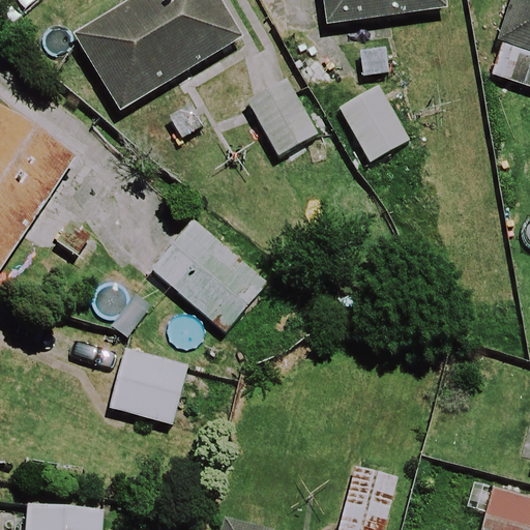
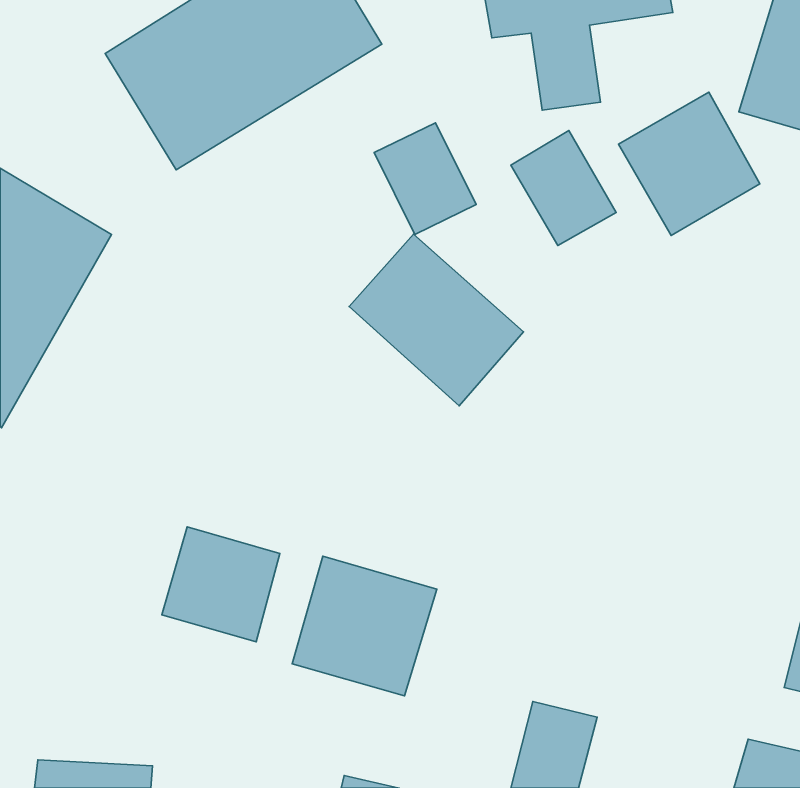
building: none -> [618,92,760,236]
building: [151,218,266,331] -> [349,234,523,406]
building: none -> [292,556,437,696]

